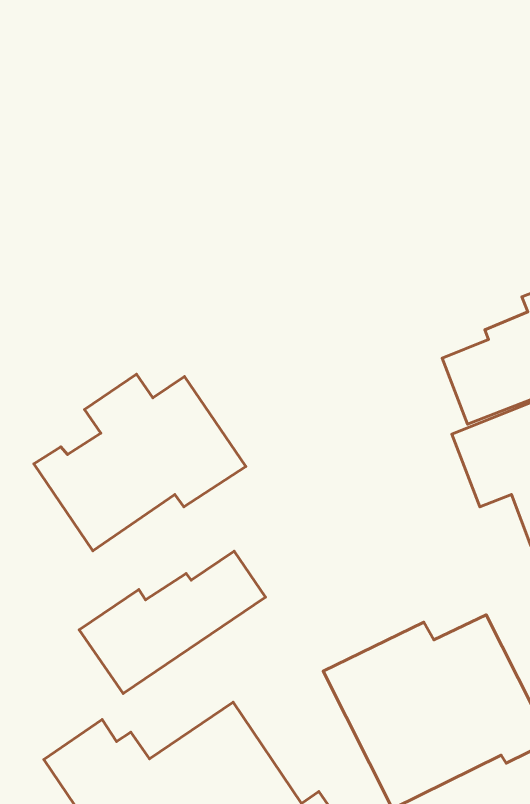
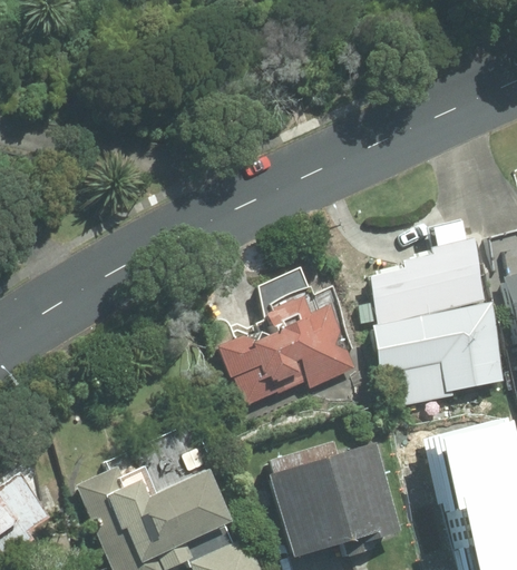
building: [34,374,246,551] -> [225,297,359,404]
building: [79,551,266,694] -> none

